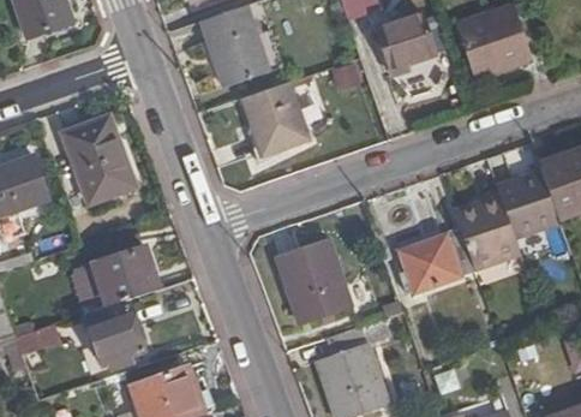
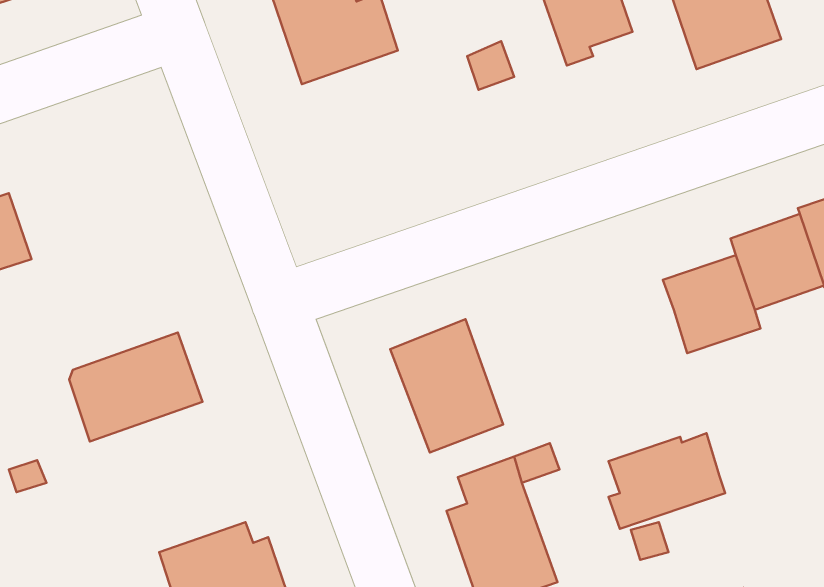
building: [242,83,307,154] -> none
building: [65,115,133,202] -> none
building: [399,232,473,293] -> [609,433,725,529]
building: [86,306,144,370] -> none

